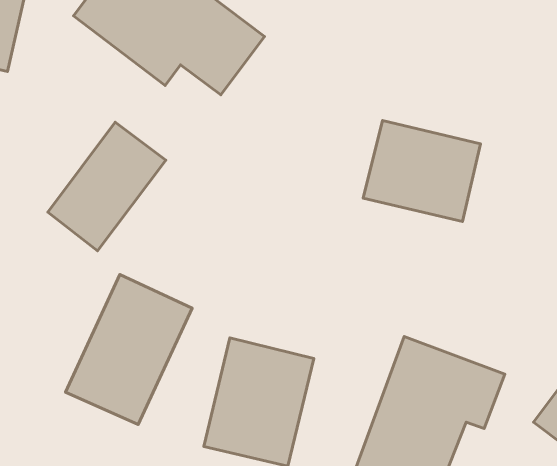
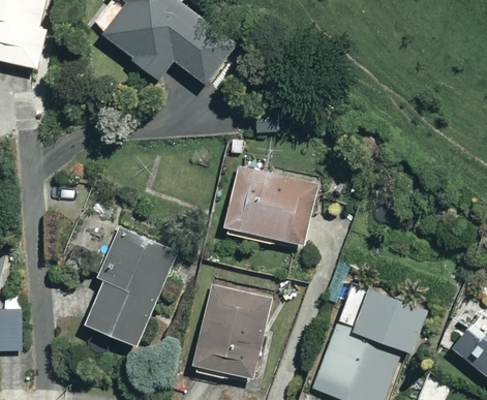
building: [363,120,481,221] -> [221,167,315,248]
building: [48,122,166,251] -> none

